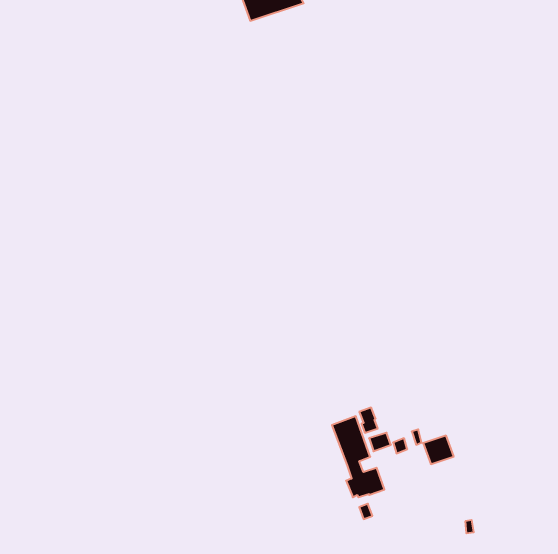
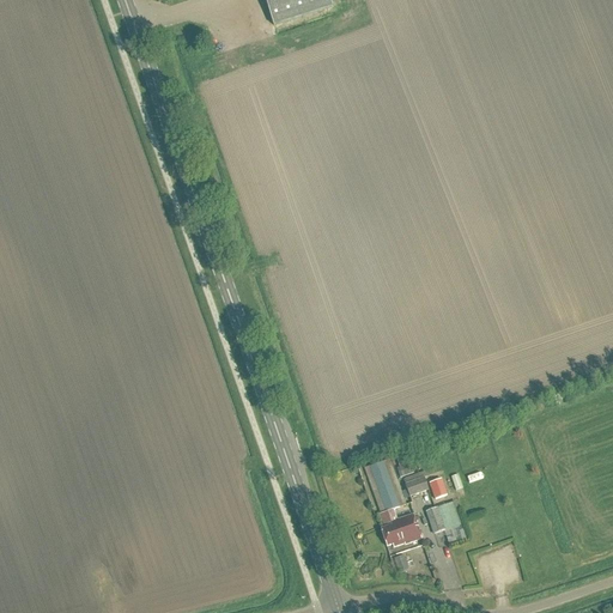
building: [423,436,454,464] -> [425,500,459,532]

